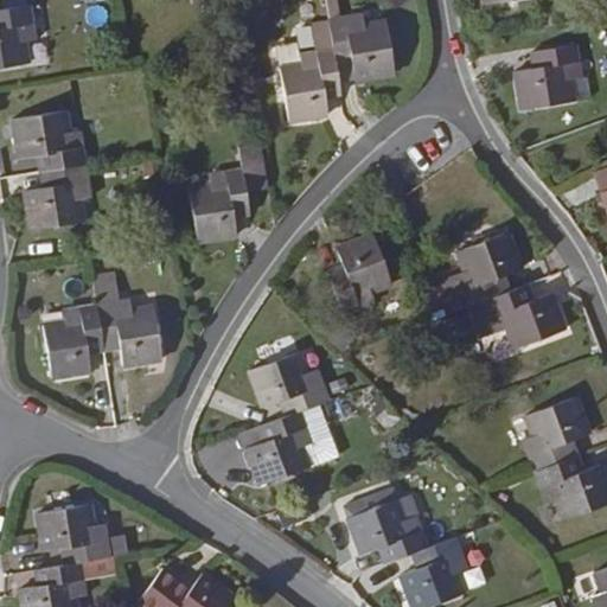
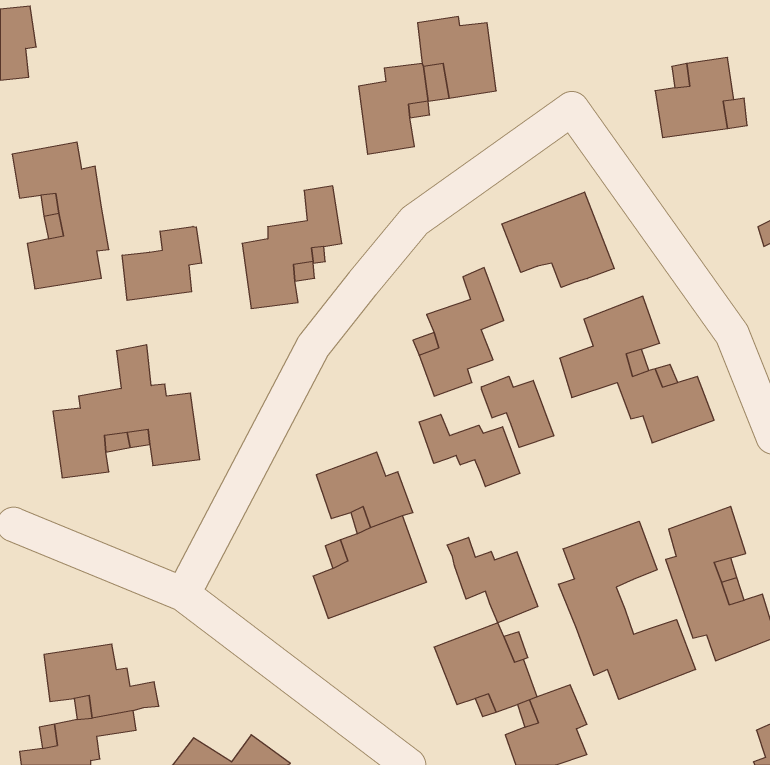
building: none -> [502,192,614,287]
building: none -> [122,226,202,300]
building: none -> [481,376,554,447]
building: none -> [419,414,520,487]
building: none -> [558,521,696,699]
building: none -> [447,537,538,623]

